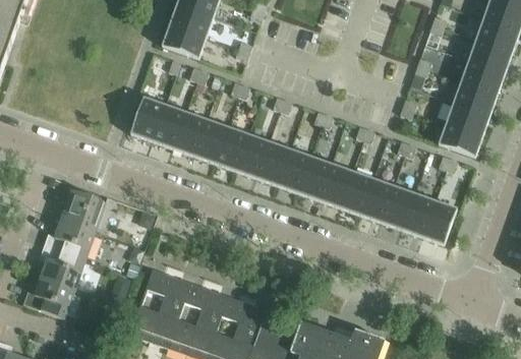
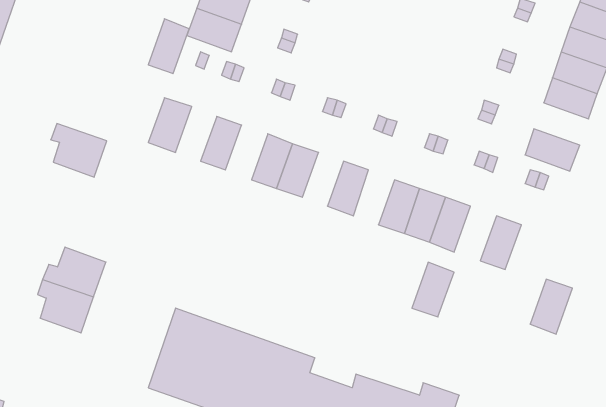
building: [445,101,489,135] -> none
building: [152,104,185,148] -> [148,19,189,74]
building: [192,119,227,164] -> none
building: [255,141,289,185] -> none
building: [297,156,331,200] -> none
building: [380,185,414,230] -> [412,262,454,317]
building: [59,187,105,231] -> [51,124,107,177]
building: [421,200,456,245] -> [530,279,572,334]
building: [22,277,74,318] -> none

